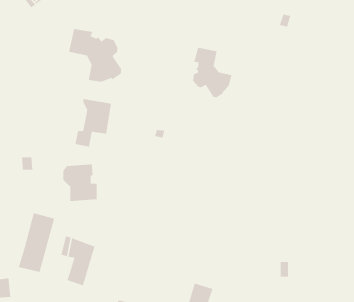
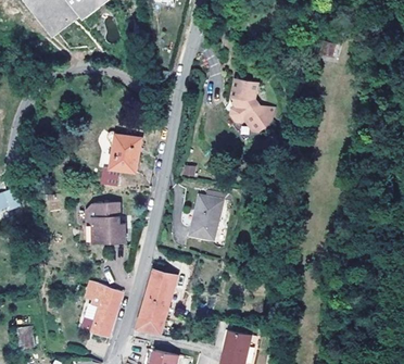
building: [68,28,122,83] -> none
building: none -> [190,196,223,240]
building: [18,212,55,273] -> [137,269,177,335]

